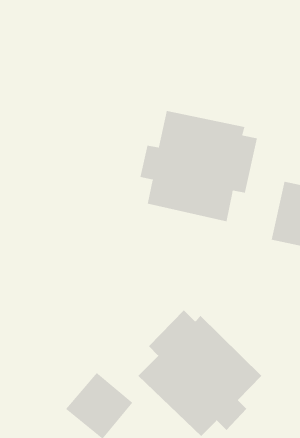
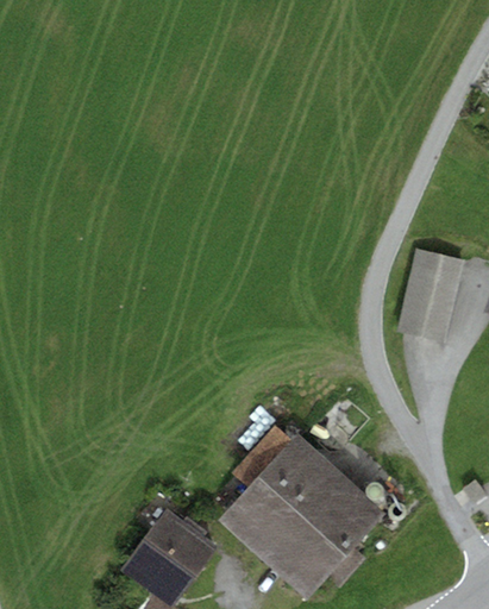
building: [140,110,257,222] -> none

